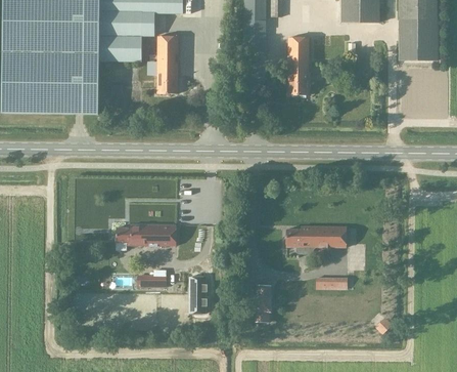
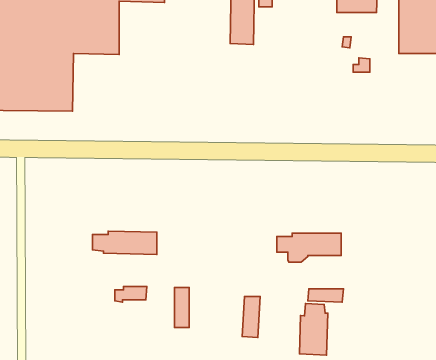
building: [157,35,178,92] -> none
building: [287,37,309,94] -> none
building: none -> [299,304,328,355]

